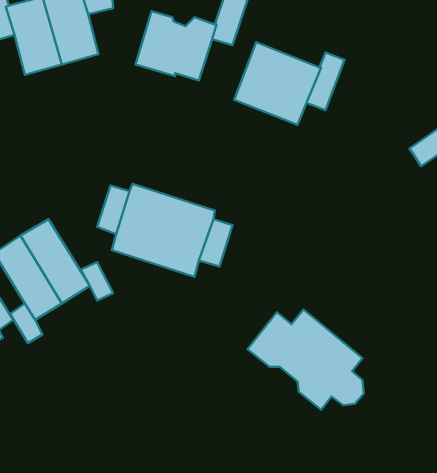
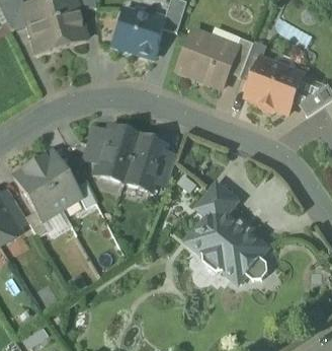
building: none -> [246,58,303,112]
building: none -> [197,188,233,223]

